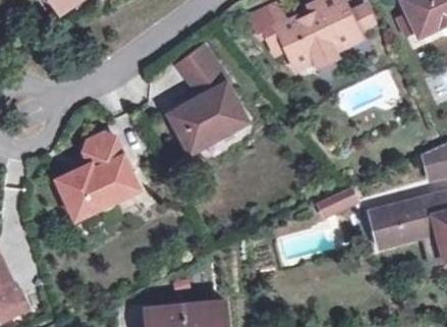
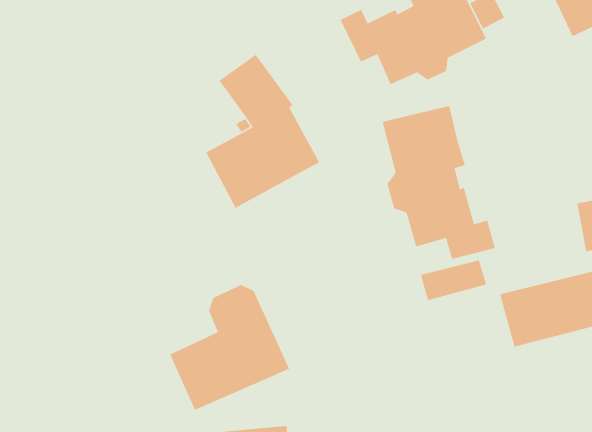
building: none -> [382,105,496,260]
building: [55,132,137,219] -> [169,284,290,411]

